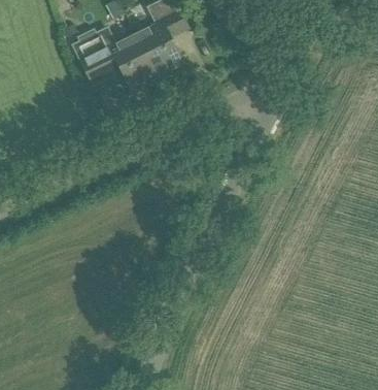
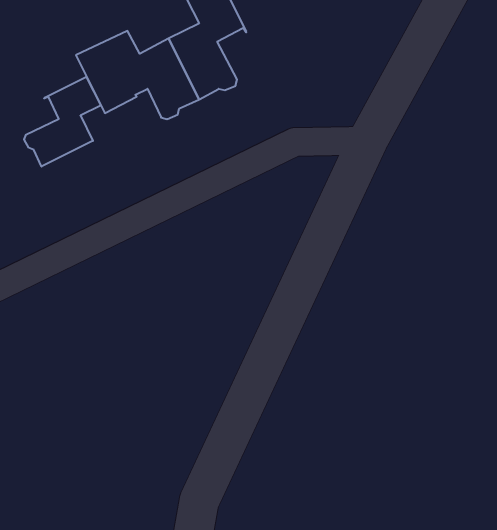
building: none -> [24,77,101,167]

